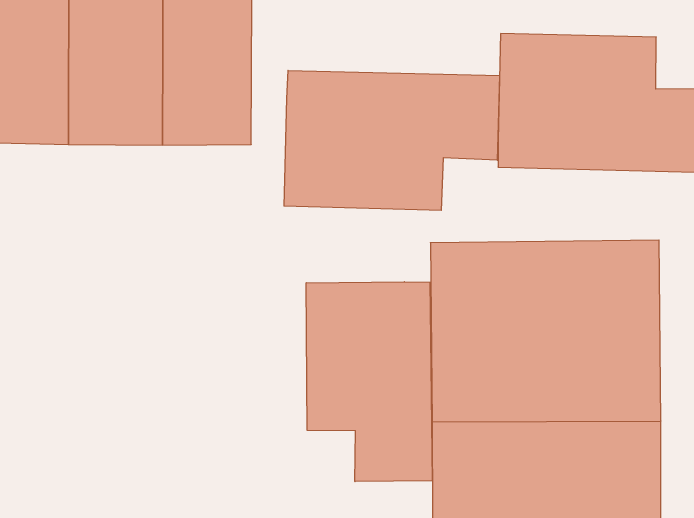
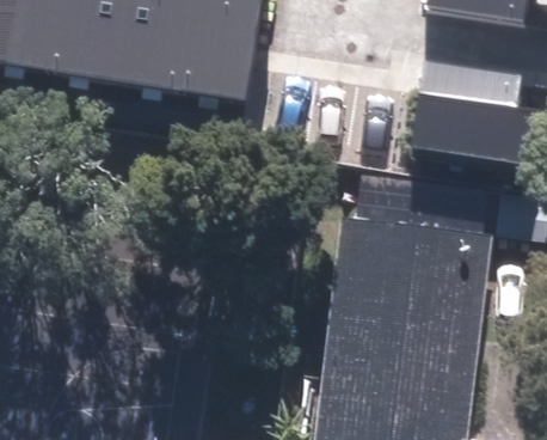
building: [284,70,500,210] -> none
building: [306,282,432,482] -> none

